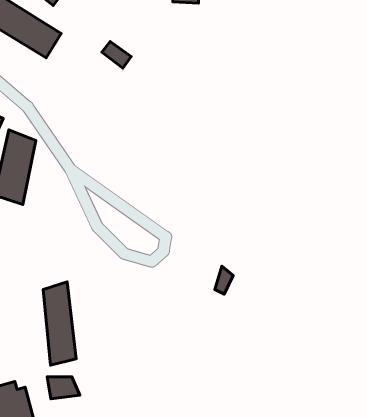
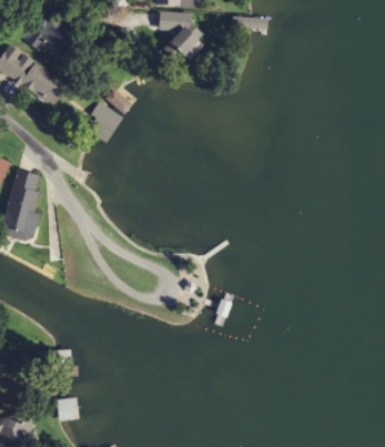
building: none -> [85,103,123,142]
building: [43,282,76,365] -> none

